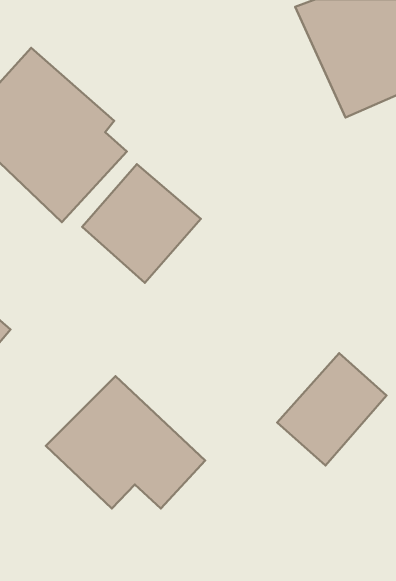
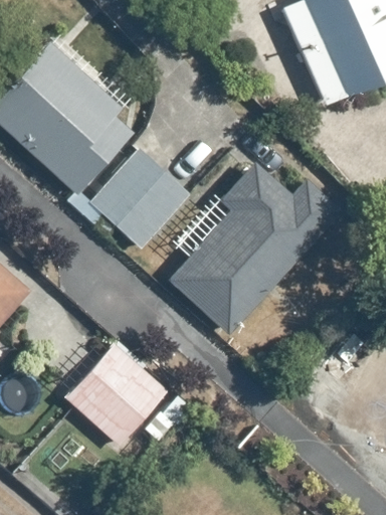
building: none -> [167,163,341,336]
building: [277,353,387,465] -> none

